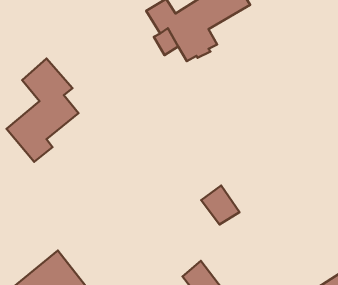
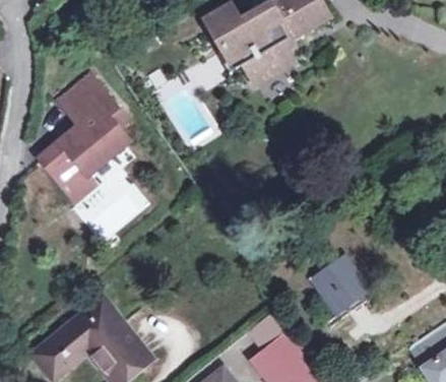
building: [201,185,239,224] -> [317,260,362,306]

